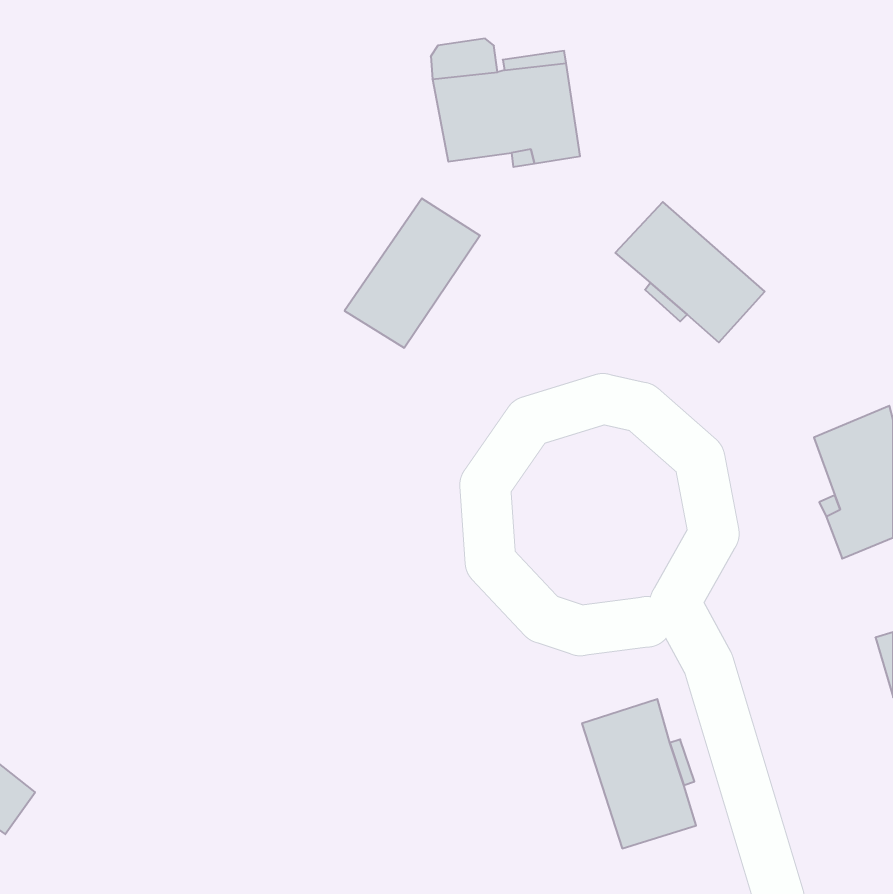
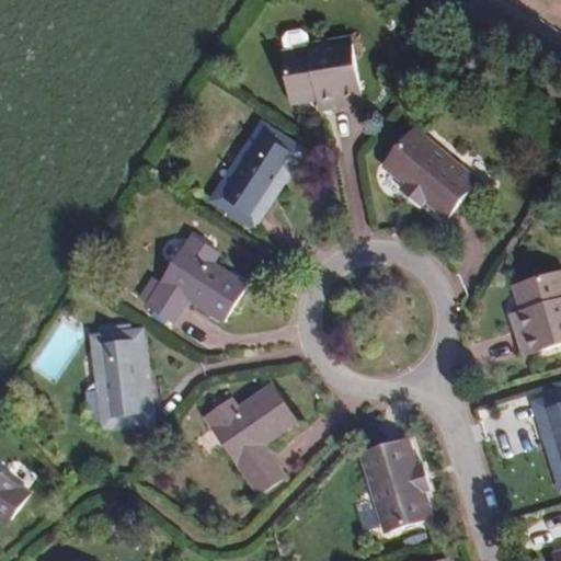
building: none -> [147,230,244,316]
building: none -> [92,339,151,431]
building: none -> [202,387,293,496]

